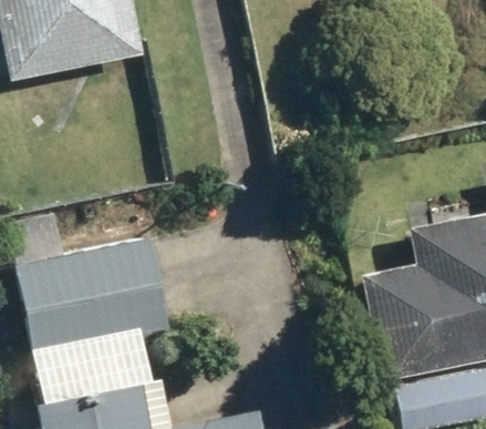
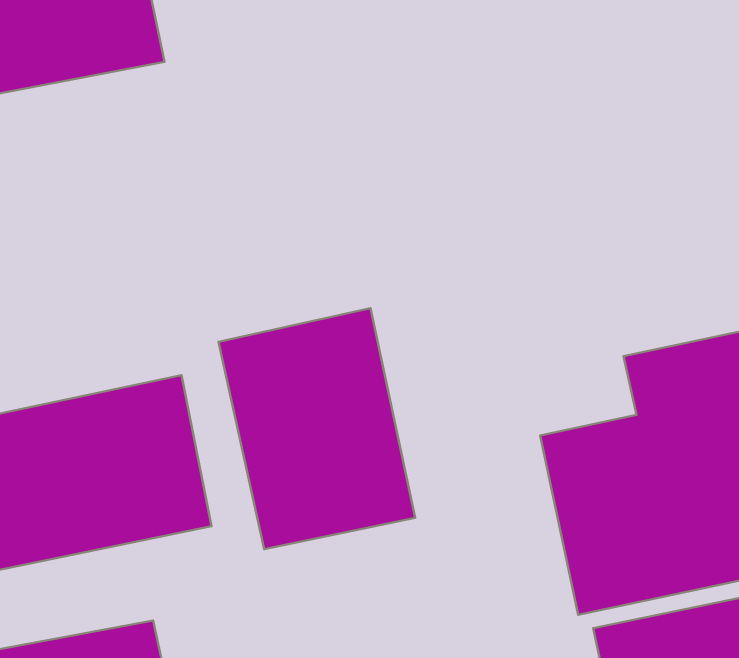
building: none -> [219,308,415,549]

